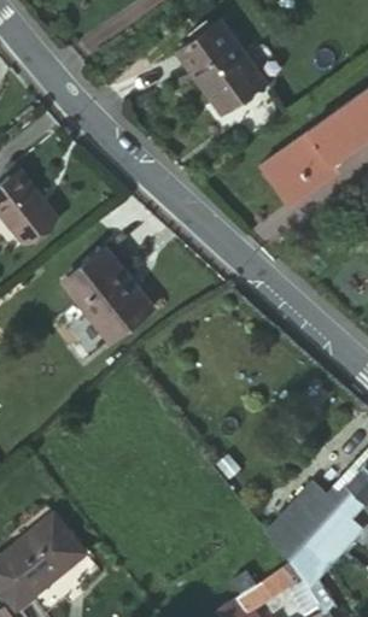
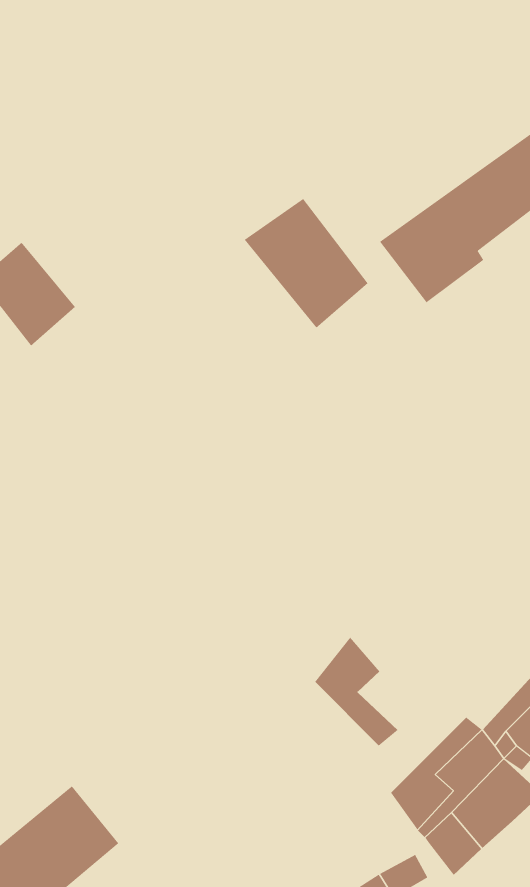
building: [175,25,258,112] -> [244,198,369,328]
building: [65,245,156,340] -> none
building: none -> [314,637,398,746]

